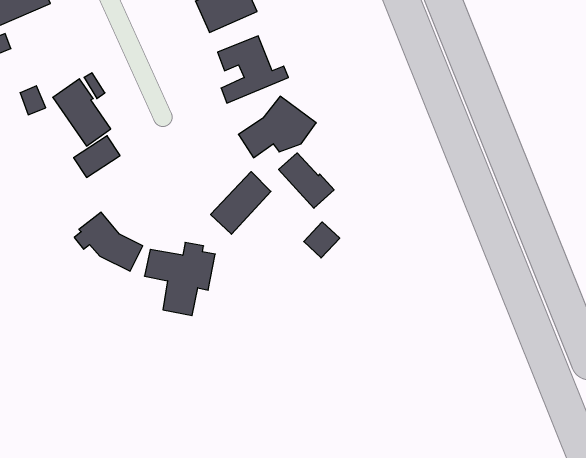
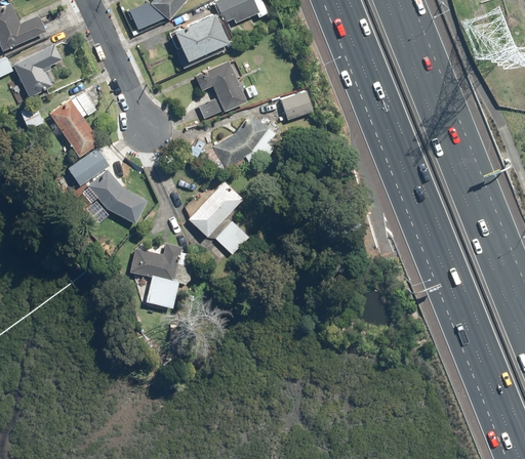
building: none -> [11,42,62,97]
building: none -> [279,90,314,121]
building: [279,153,334,208] -> none
building: [74,212,143,271] -> [84,170,145,222]
building: [304,222,340,258] -> [215,223,247,255]

